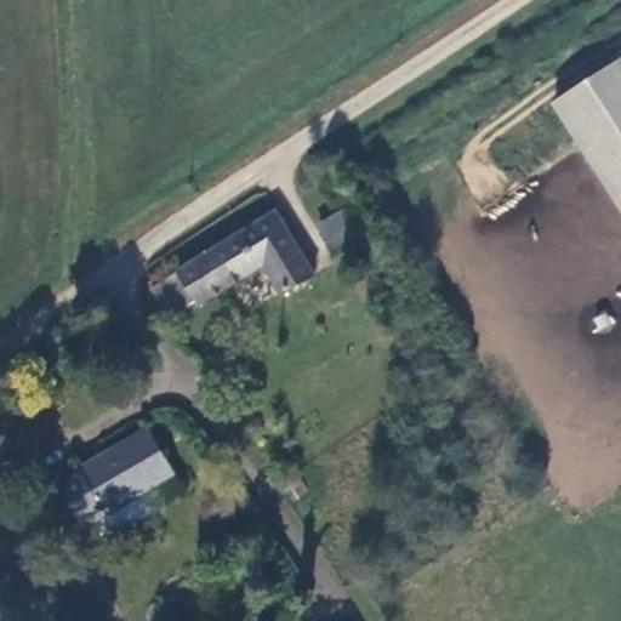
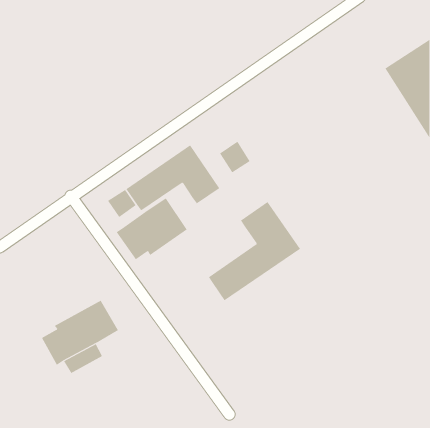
building: none -> [116,198,187,260]
building: none -> [208,201,301,301]

